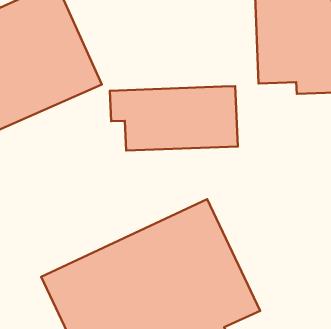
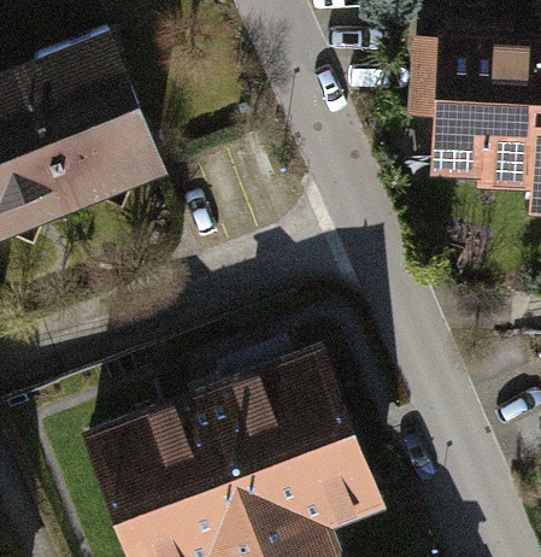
building: [110,86,238,151] -> none

